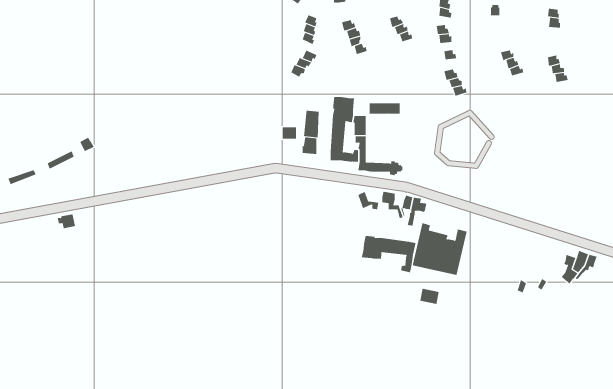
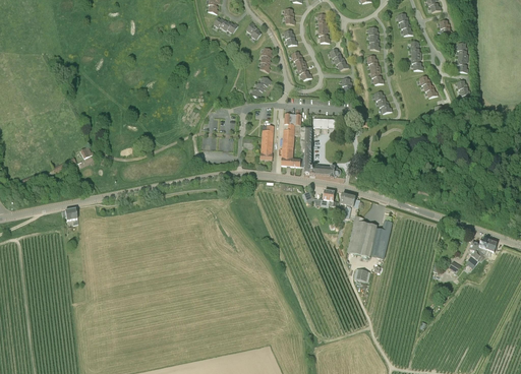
building: [361,235,416,273] -> none

